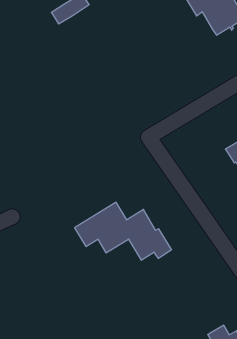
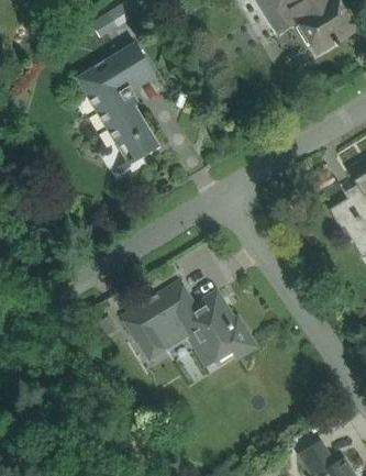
building: none -> [76,43,157,158]

